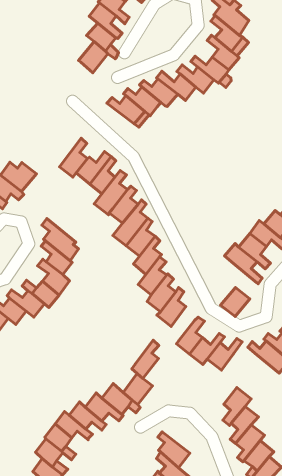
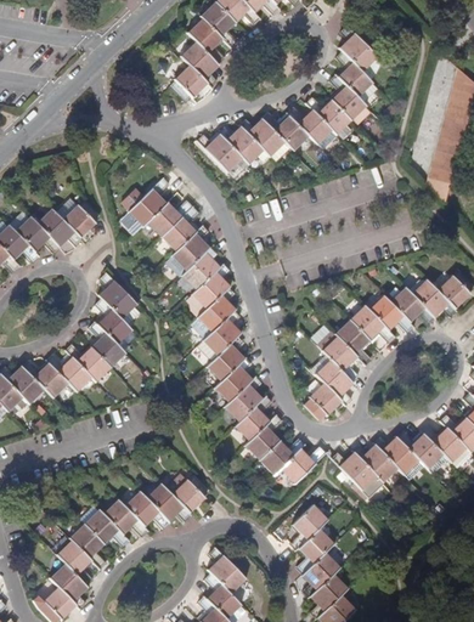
building: none -> [310,355,351,403]
building: [132,340,159,378] -> [236,395,272,440]

